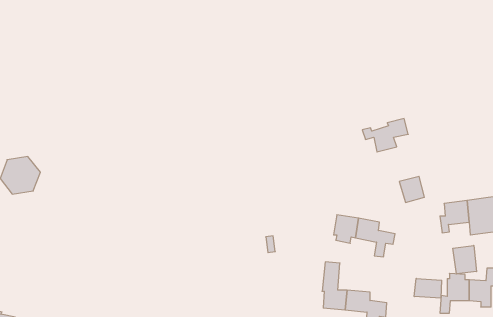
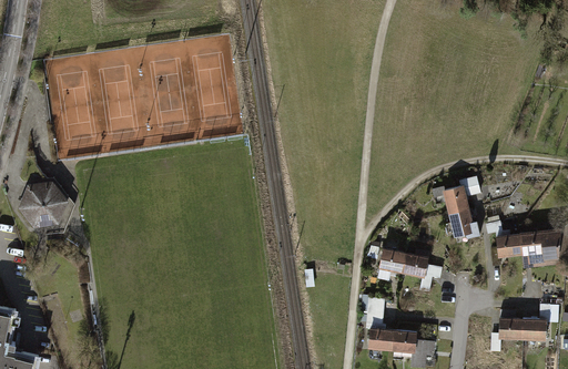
building: [362,119,408,152] -> [432,177,480,213]
building: [453,245,477,274] -> none
building: [414,278,442,298] -> none

